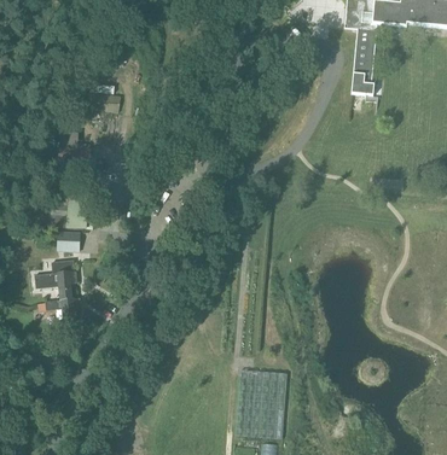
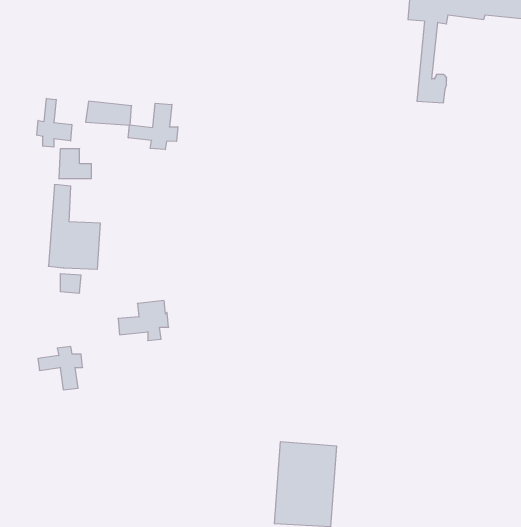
building: none -> [37,98,72,147]
building: none -> [128,103,178,150]
building: [36,258,77,291] -> [118,301,169,341]

